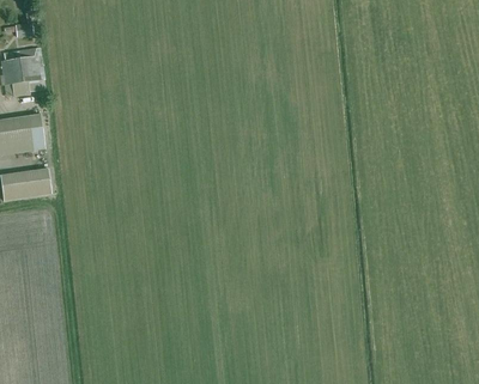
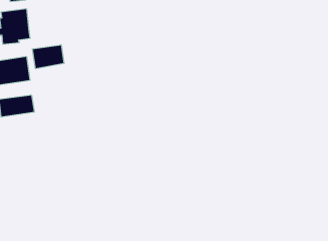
building: none -> [33,45,64,69]

